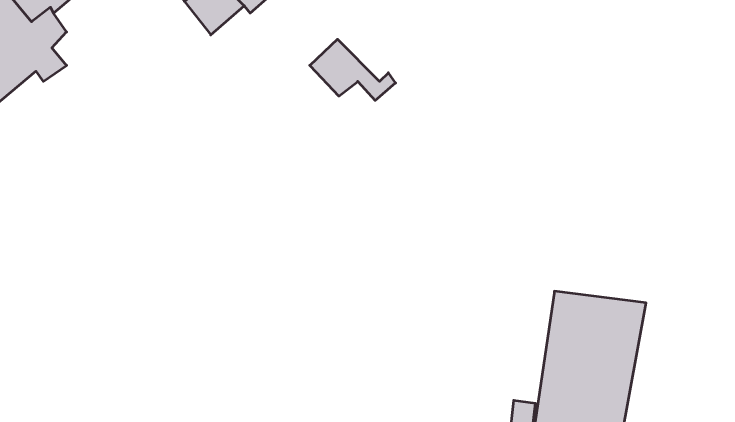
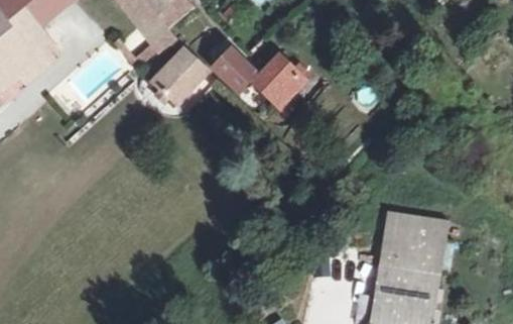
building: none -> [147,35,212,98]
building: none -> [262,62,306,102]

